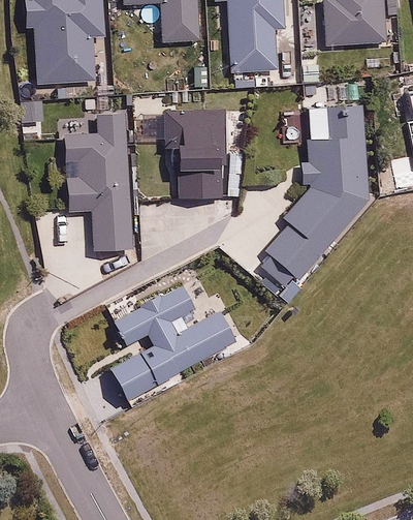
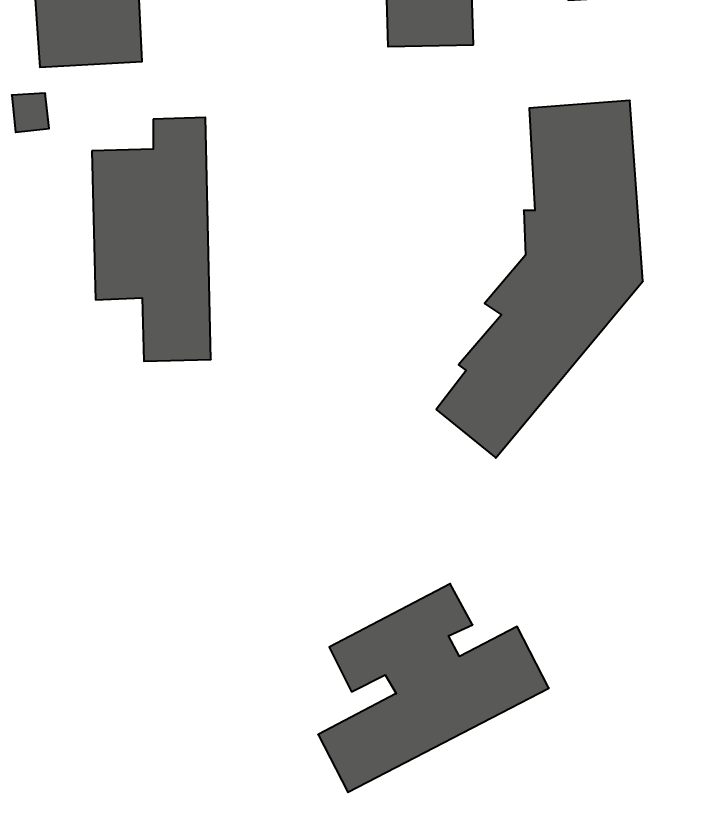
building: [165,109,226,195] -> none
building: [110,284,239,400] -> [318,584,549,792]

